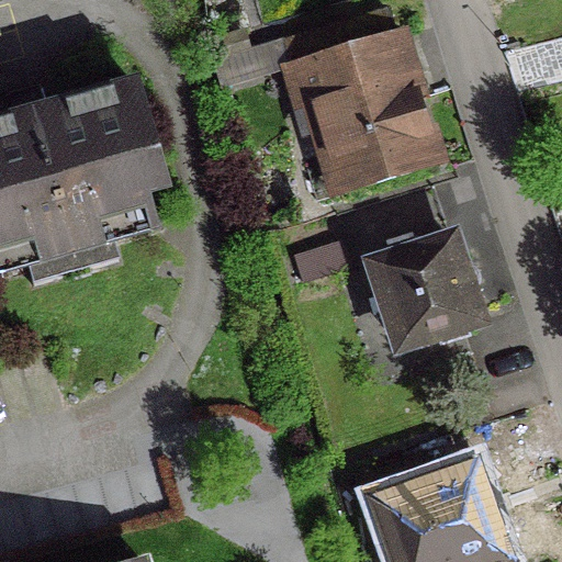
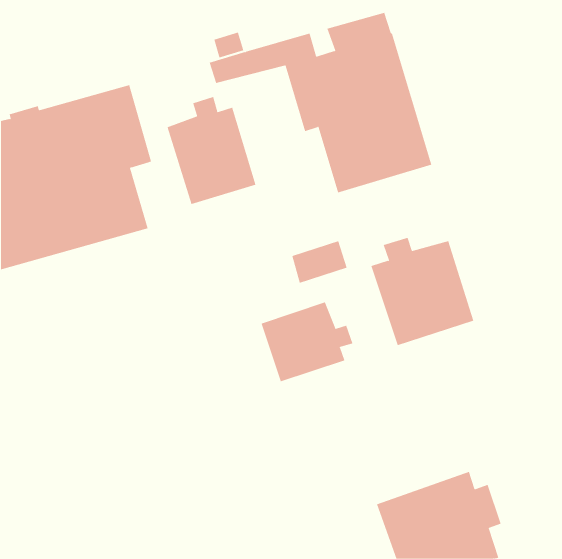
building: none -> [167,96,256,205]
building: none -> [261,301,353,382]

